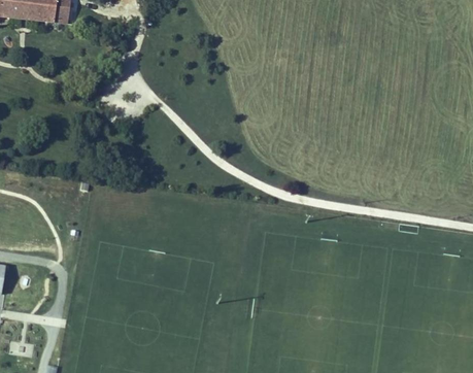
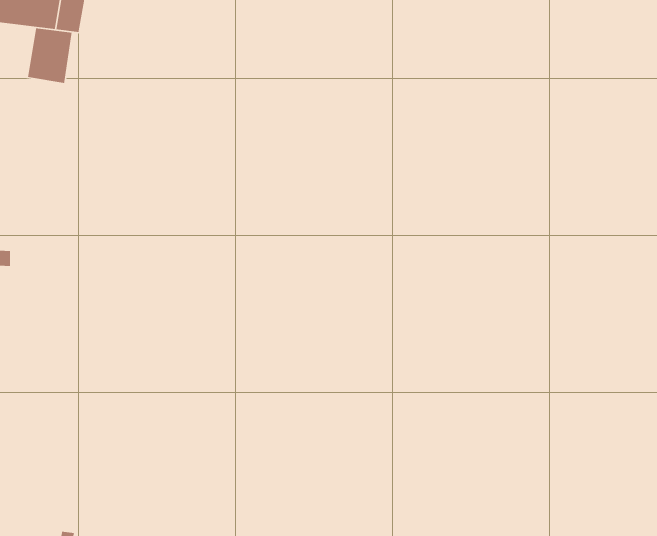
building: none -> [27,27,73,84]

